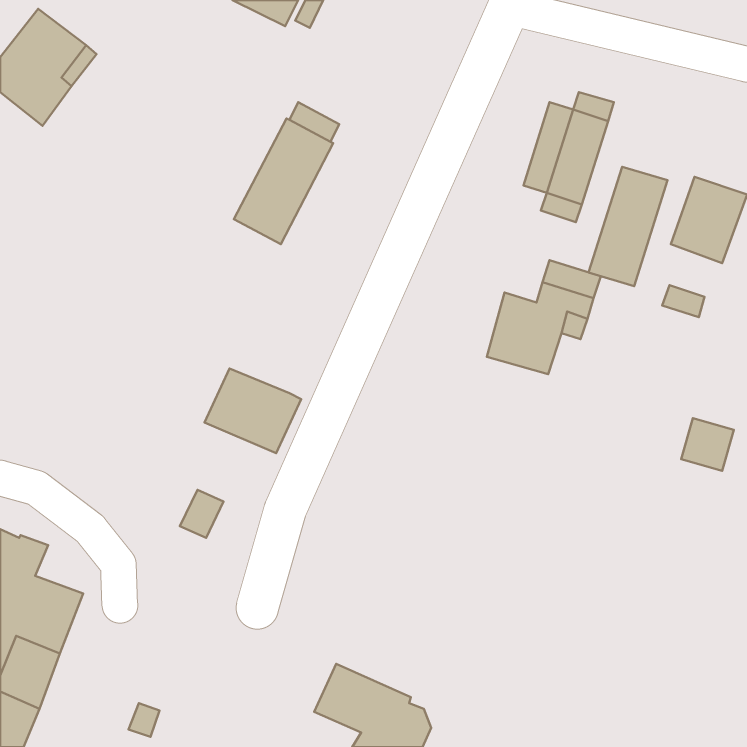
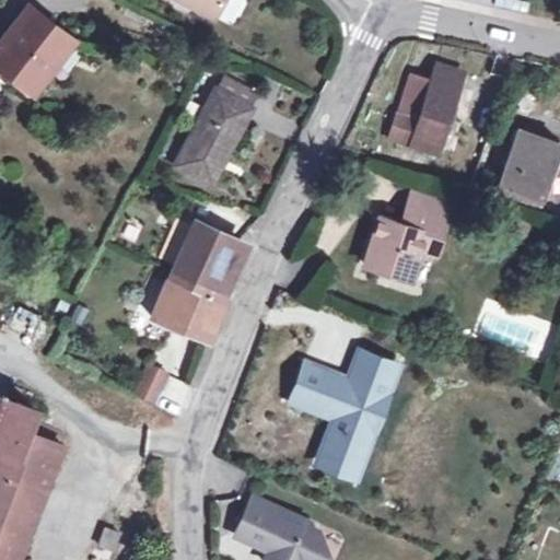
building: [589,167,667,286] -> none
building: none -> [172,221,242,294]
building: none -> [292,353,400,481]

